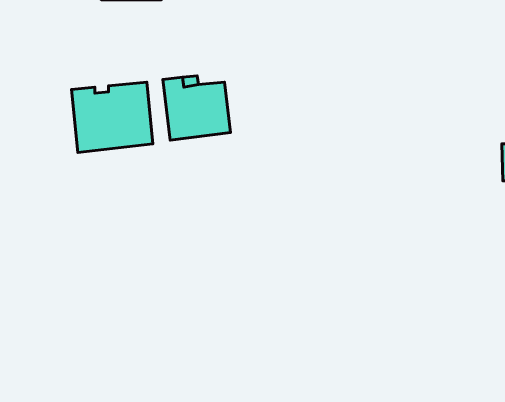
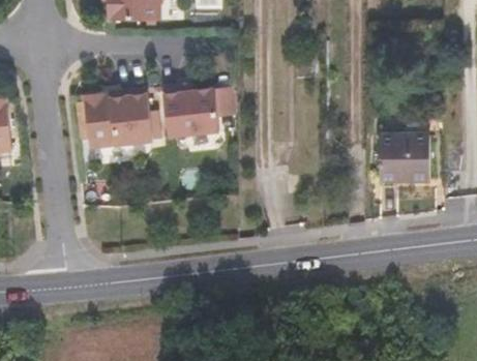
building: none -> [379,134,430,180]

